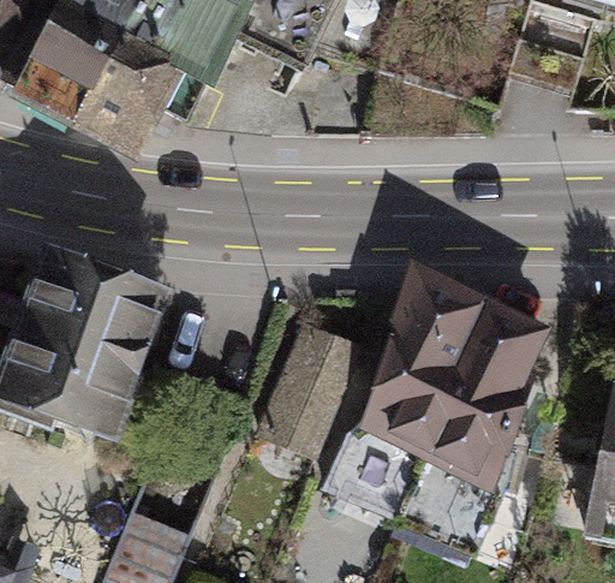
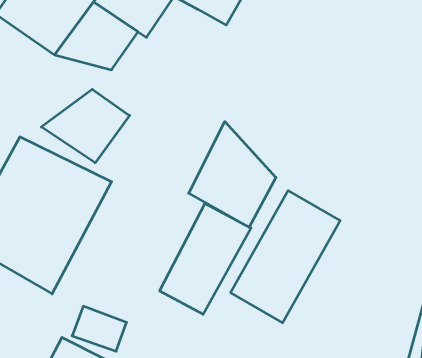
building: none -> [41,89,130,163]
building: none -> [189,122,276,227]
building: [422,310,554,484] -> none

